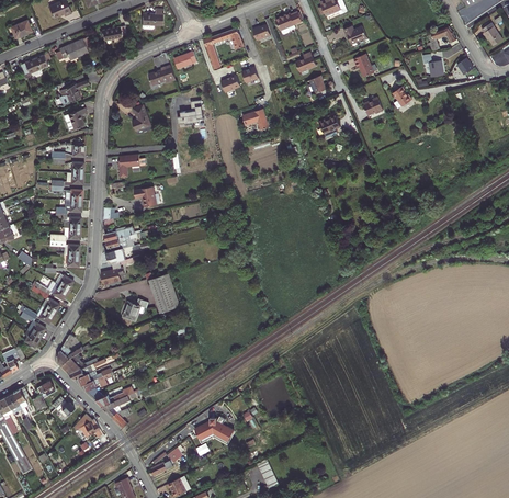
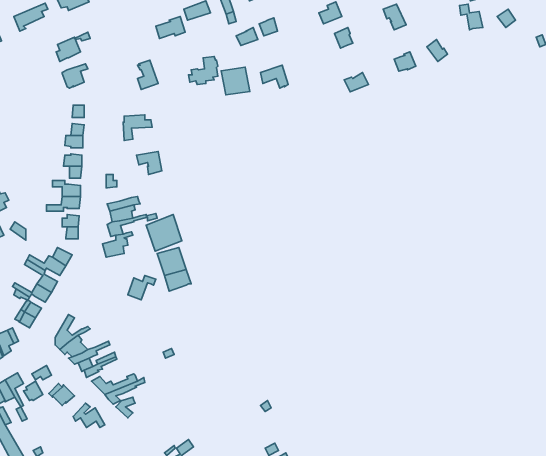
building: none -> [221,67,250,95]
building: none -> [146,215,182,251]
building: [194,417,233,441] -> none

